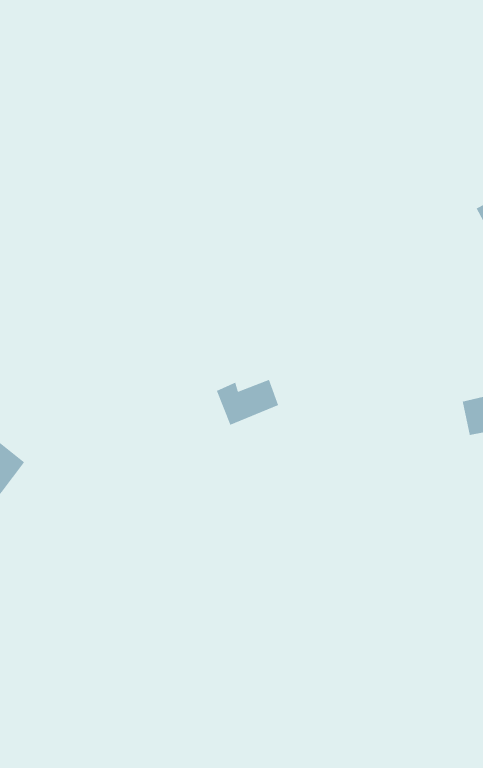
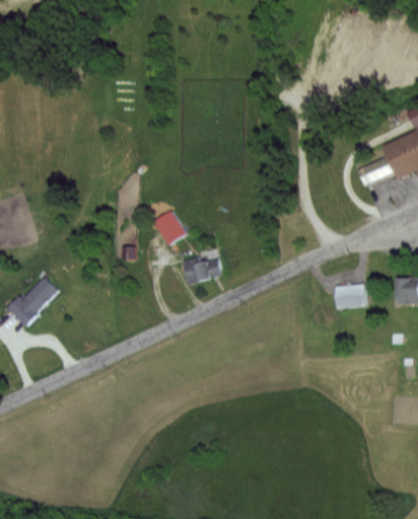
building: none -> [152,209,186,244]

